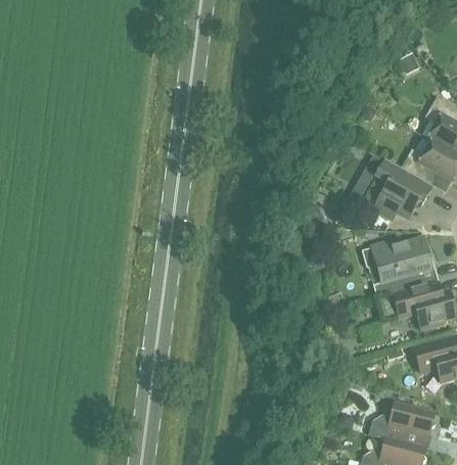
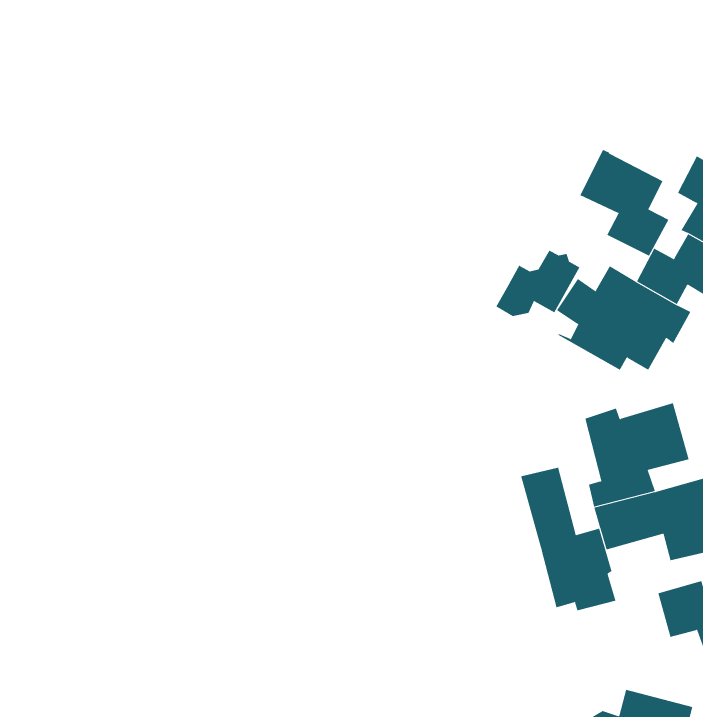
building: none -> [580,149,669,257]
building: none -> [495,250,580,317]
building: none -> [520,467,616,611]

